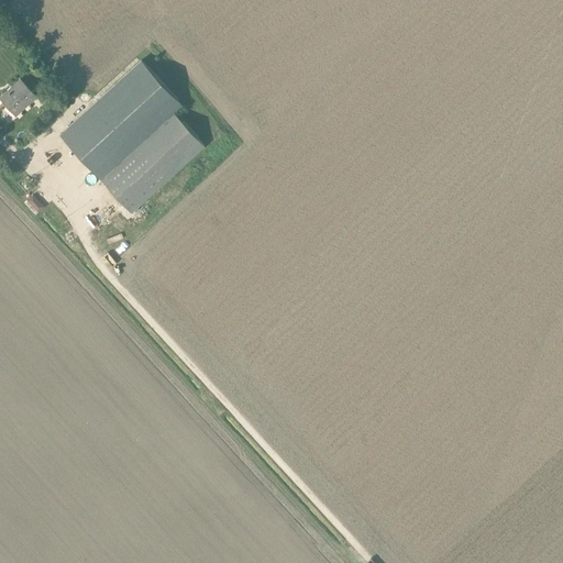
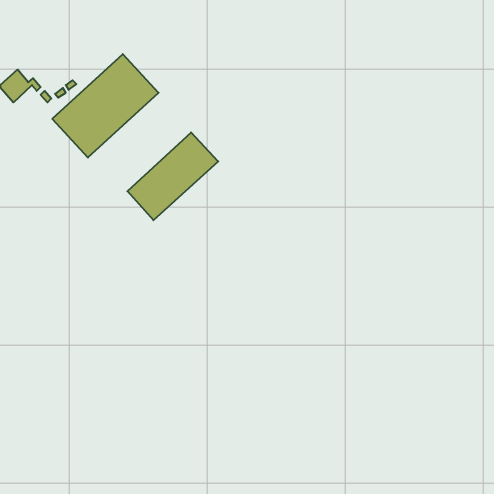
building: [101,113,205,213] -> [127,132,218,220]

